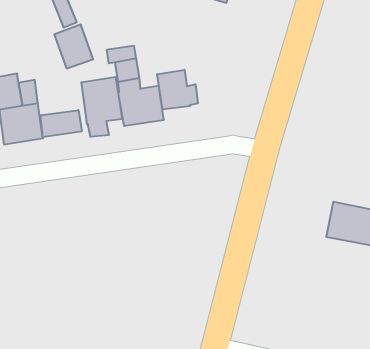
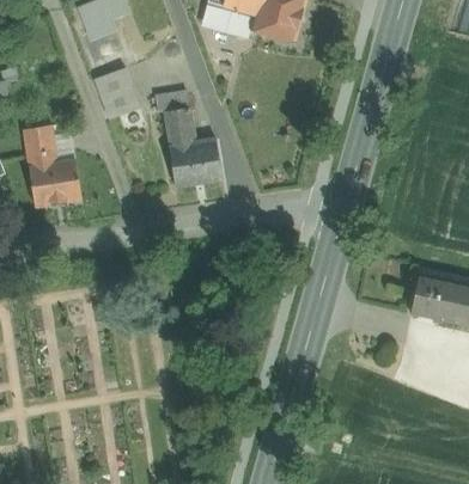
building: [157,70,198,109] -> none
building: [81,77,122,137] -> none
building: [40,110,82,137] -> none

